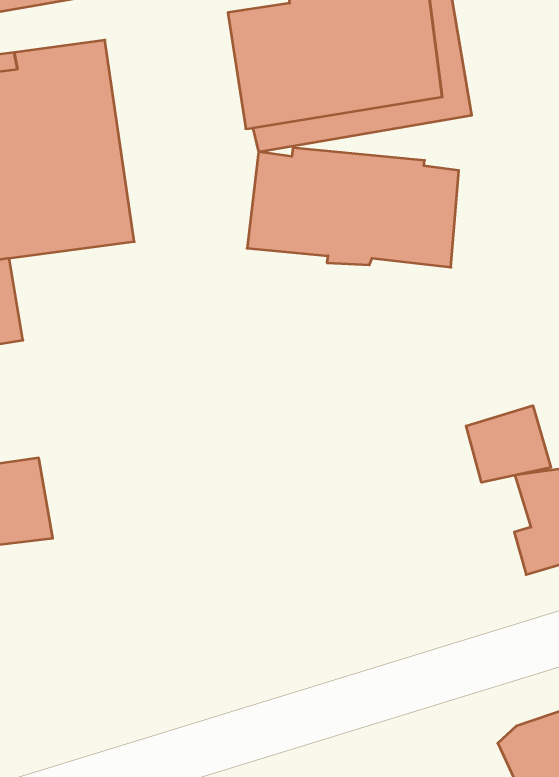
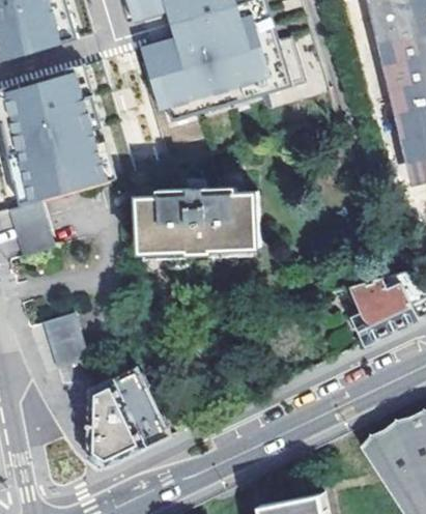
building: [247,148,459,267] -> [137,187,258,254]
building: [466,406,551,482] -> none
building: none -> [87,367,170,467]

